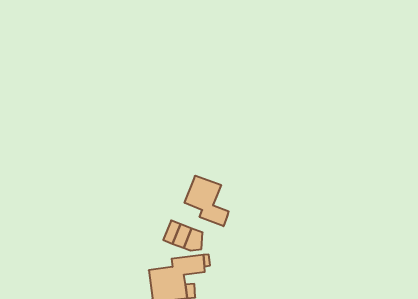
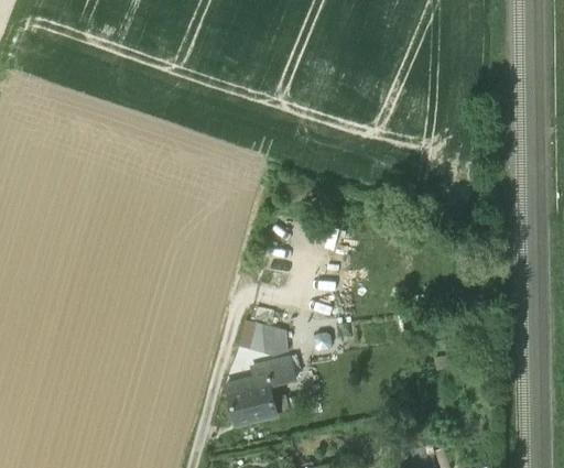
building: [185,176,229,226] -> none

